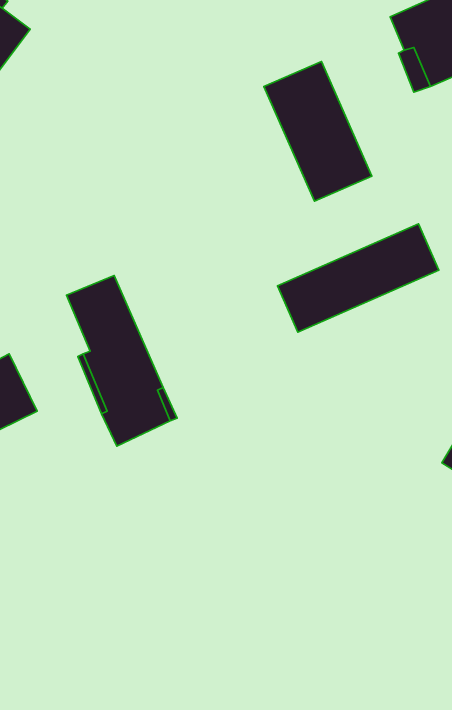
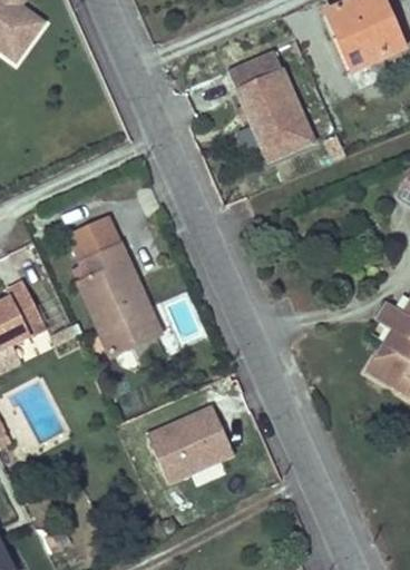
building: [278,224,439,332] -> none
building: none -> [147,405,234,483]

